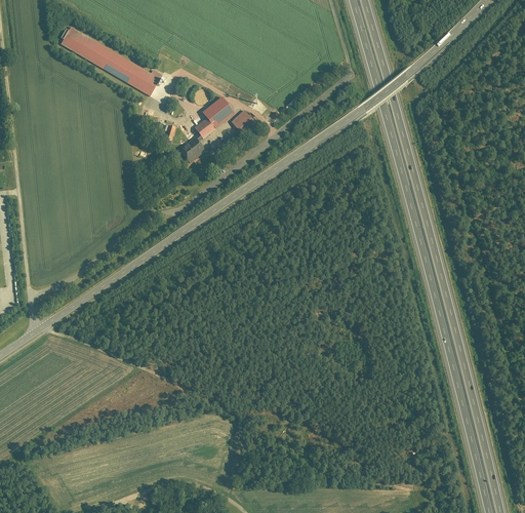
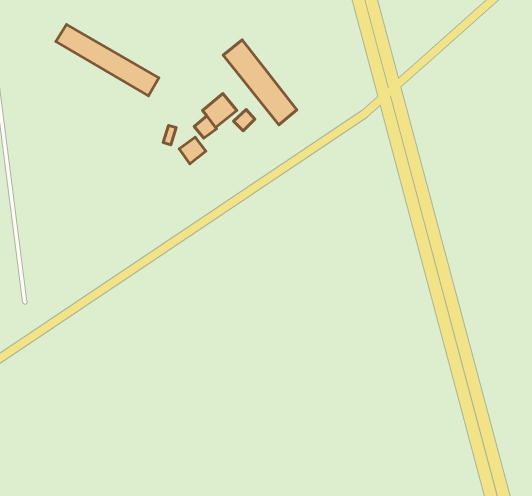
building: none -> [223,40,297,125]

